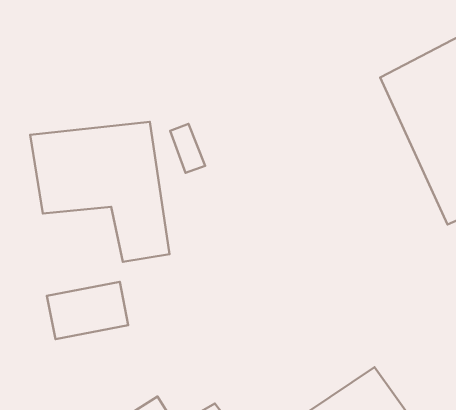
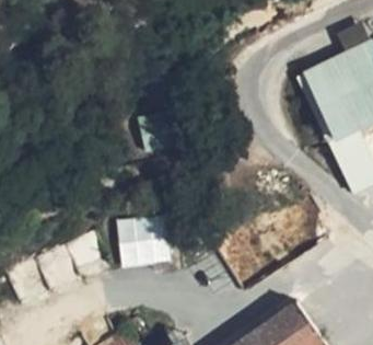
building: [30,122,169,262] -> none
building: none -> [118,218,168,268]

